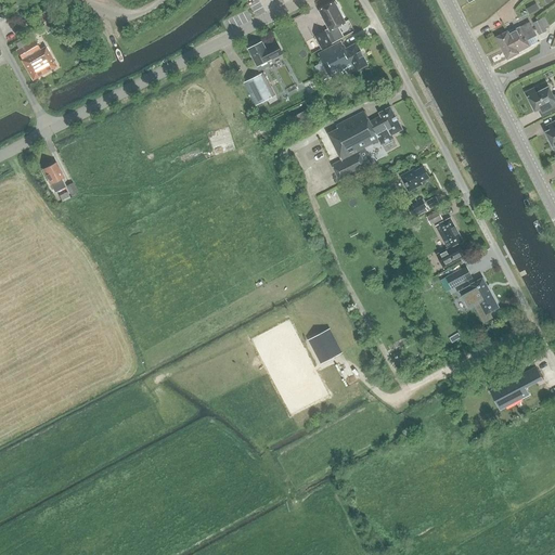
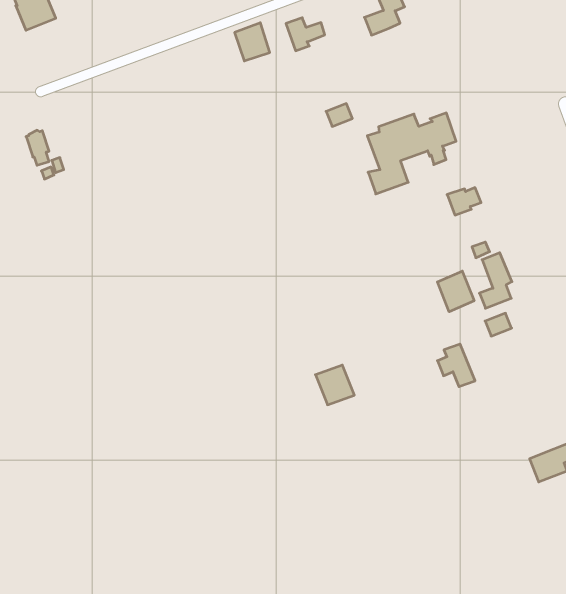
building: [318,41,367,78] -> none
building: [243,70,274,104] -> [235,23,270,61]
building: none -> [437,271,474,312]
building: [465,278,499,313] -> [437,344,475,387]

